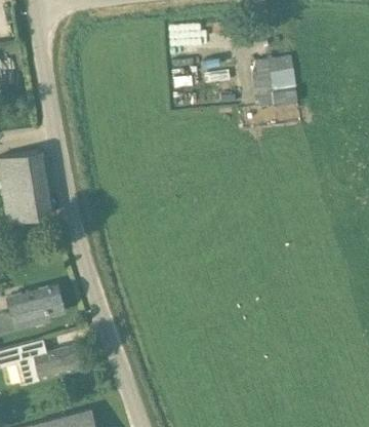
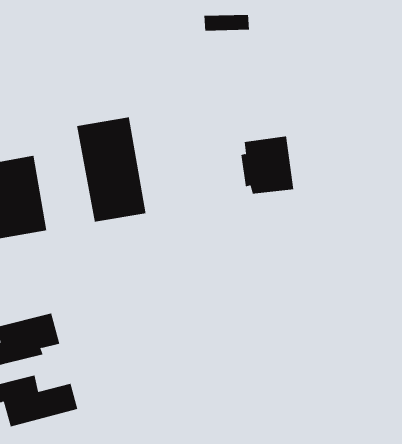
building: [250,55,296,106] -> [240,136,294,194]
building: none -> [76,116,146,222]

